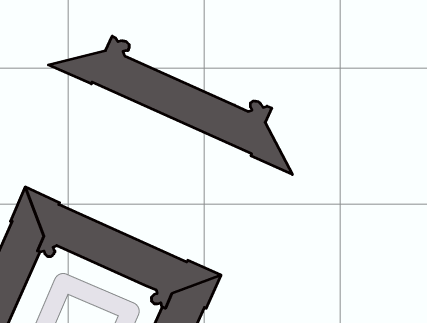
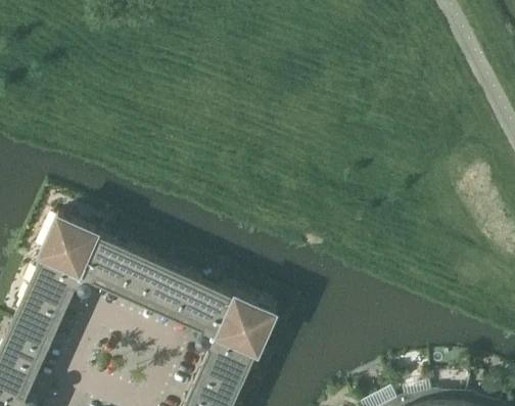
building: [48,36,292,175] -> none

